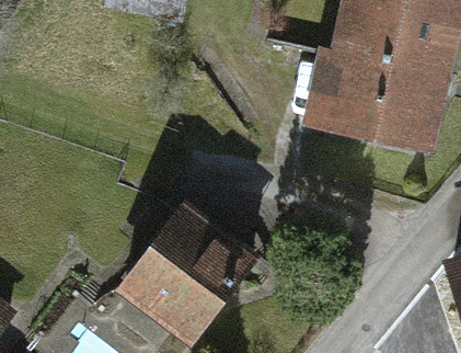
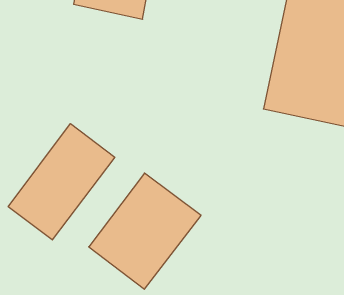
building: none -> [8,124,115,240]

